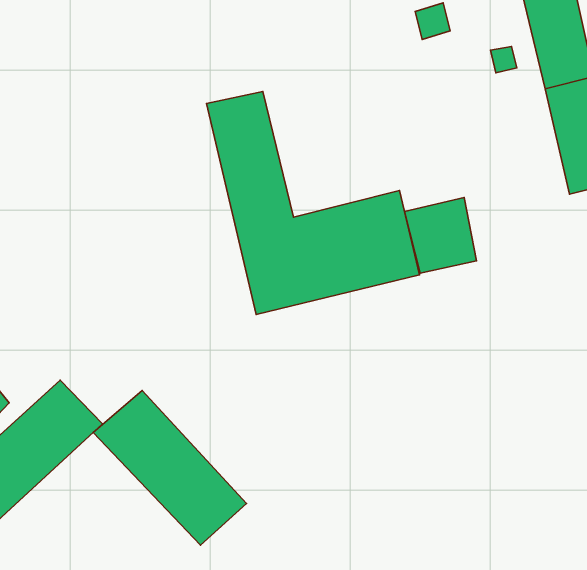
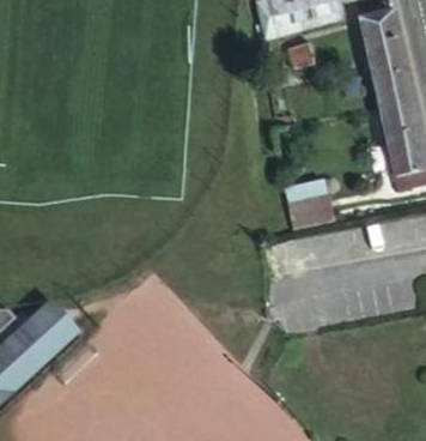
building: [207,92,420,315] -> none
building: [93,390,247,545] -> none

